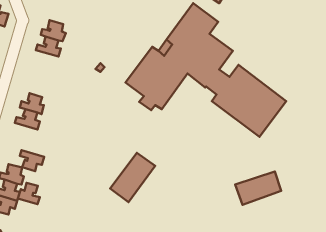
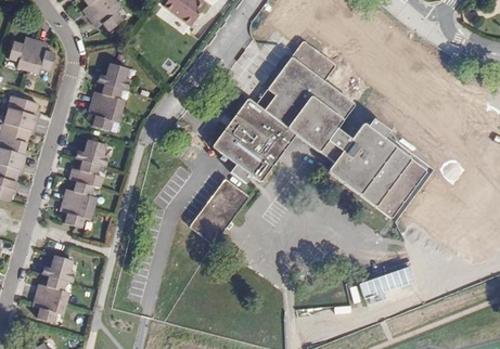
building: none -> [88,102,120,130]
building: none -> [74,139,107,166]
building: [20,150,44,171] -> [60,199,92,228]
building: [110,153,155,202] -> [188,178,248,244]
building: [18,183,40,204] -> none

